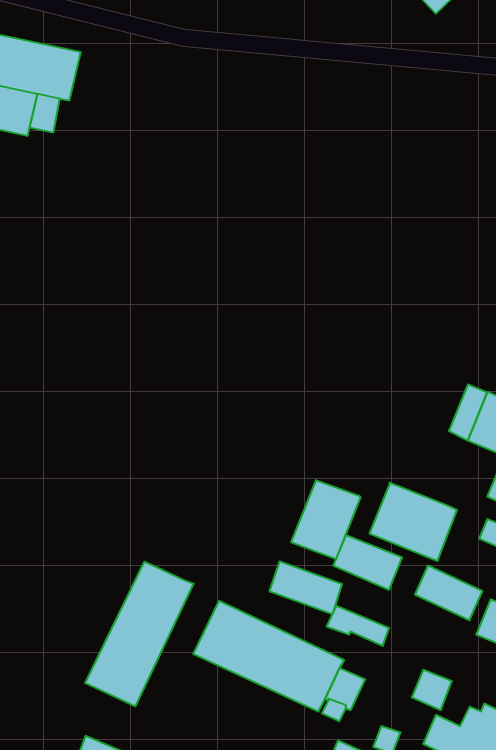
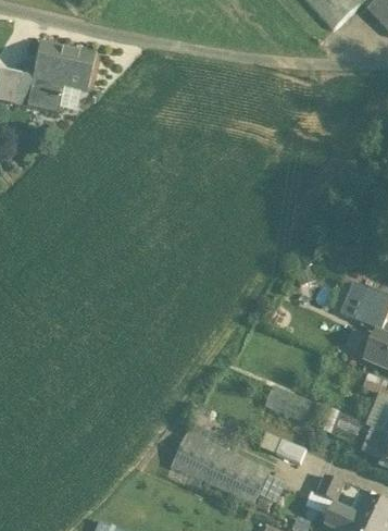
building: [291,480,361,559] -> none
building: [370,483,457,561] -> none
building: [270,561,342,614] -> none
building: [85,562,194,706] -> none

